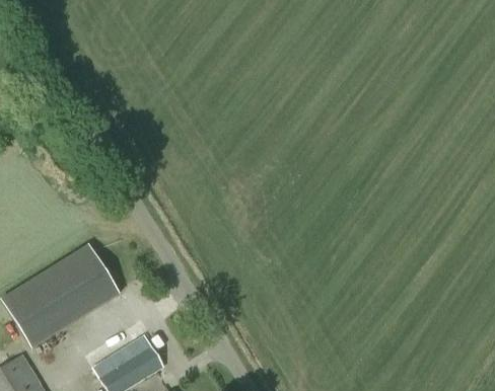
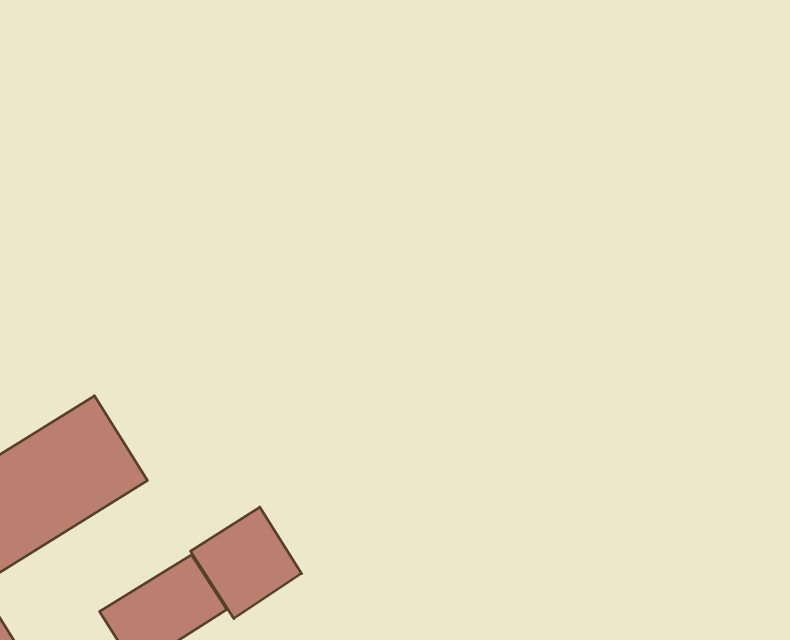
building: none -> [191,507,302,619]

